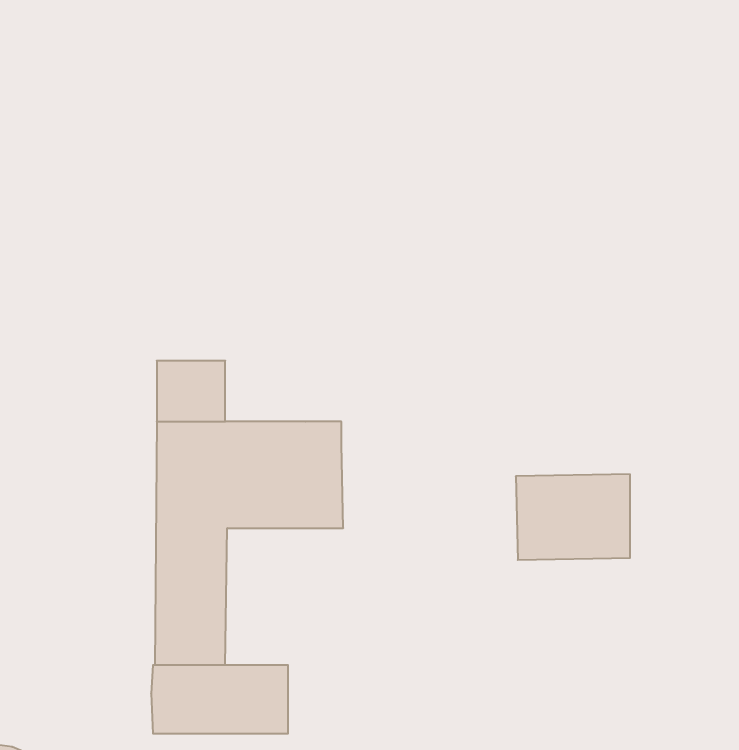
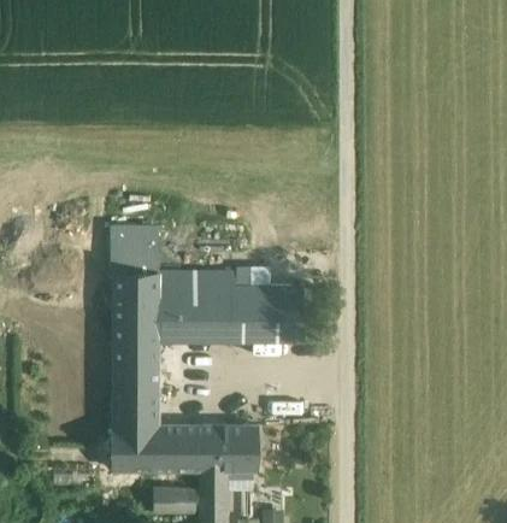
building: [516,474,630,560] -> [230,286,302,340]
building: none -> [196,427,257,470]

